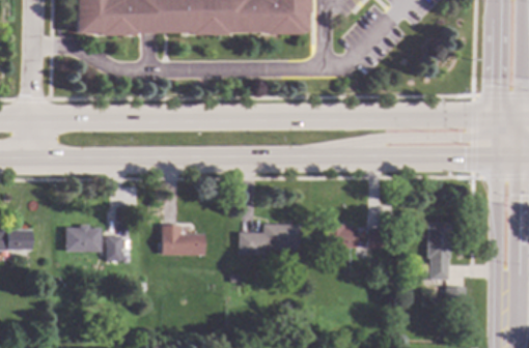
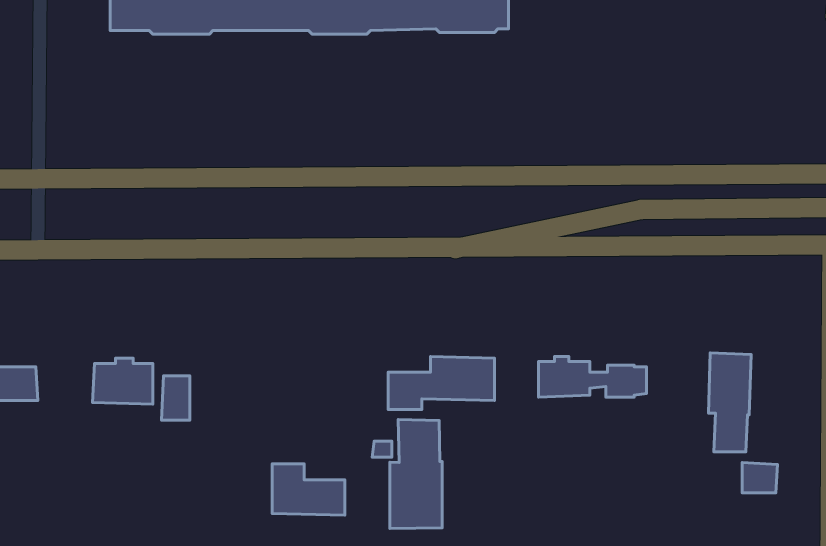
building: [164,225,206,255] -> [272,464,345,515]
building: none -> [390,420,442,529]

